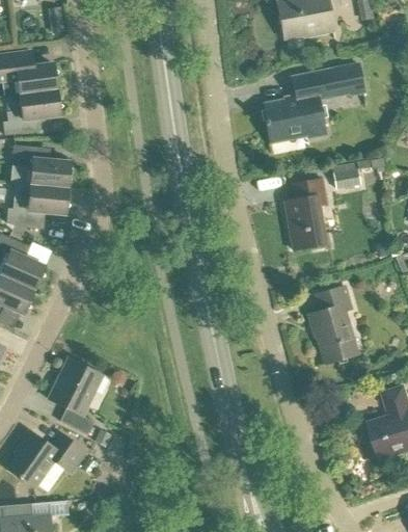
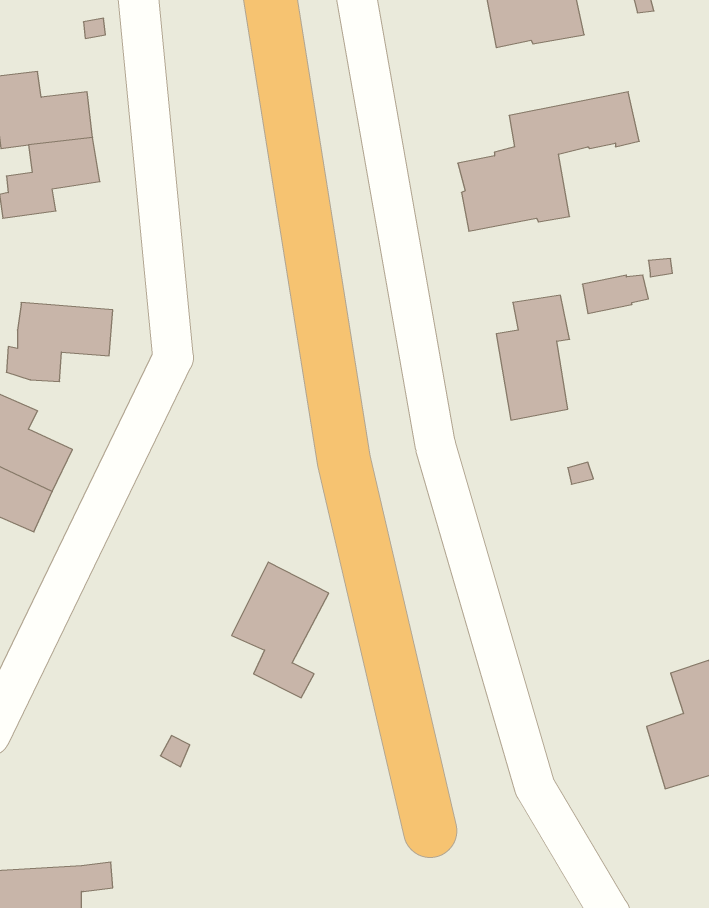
building: [10,145,70,188] -> none
building: [308,287,357,364] -> none
building: [48,358,103,435] -> [232,562,329,698]
building: [8,432,85,488] -> none

